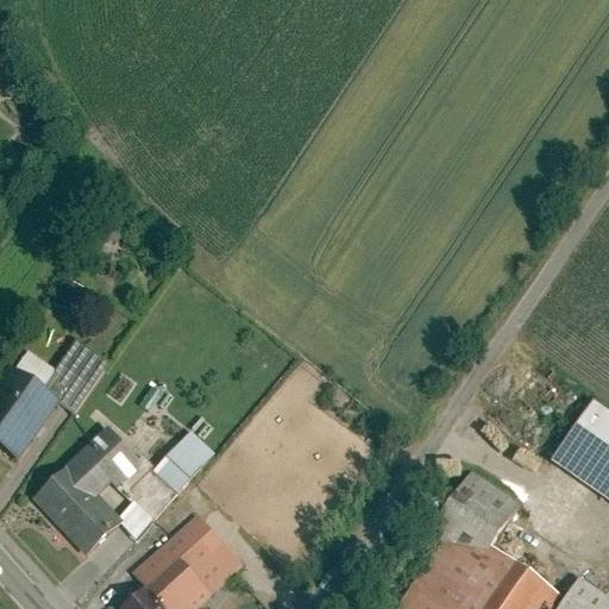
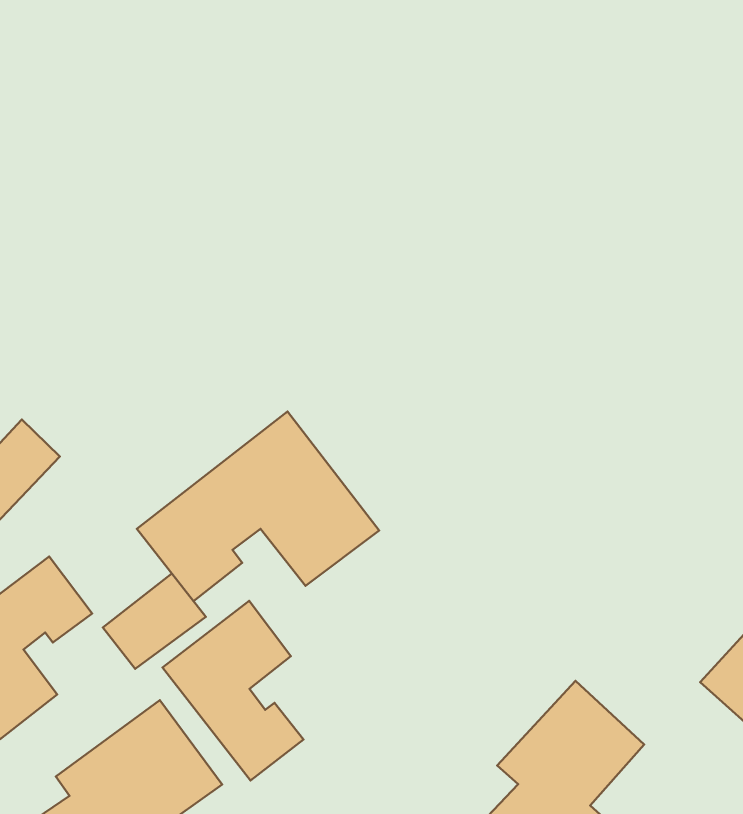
building: none -> [137,411,379,601]
building: none -> [163,601,304,781]
building: [117,464,174,521] -> none

